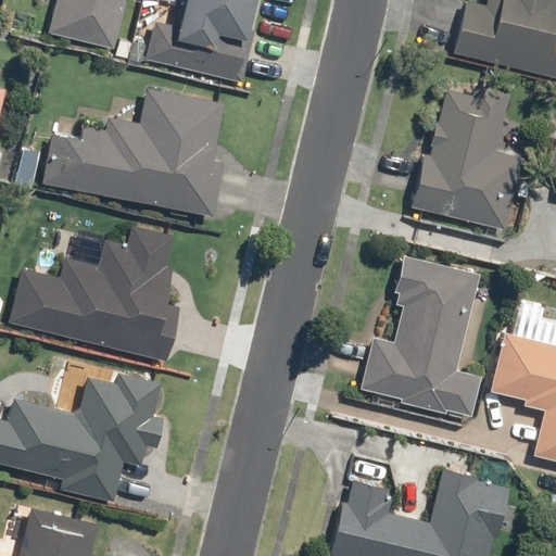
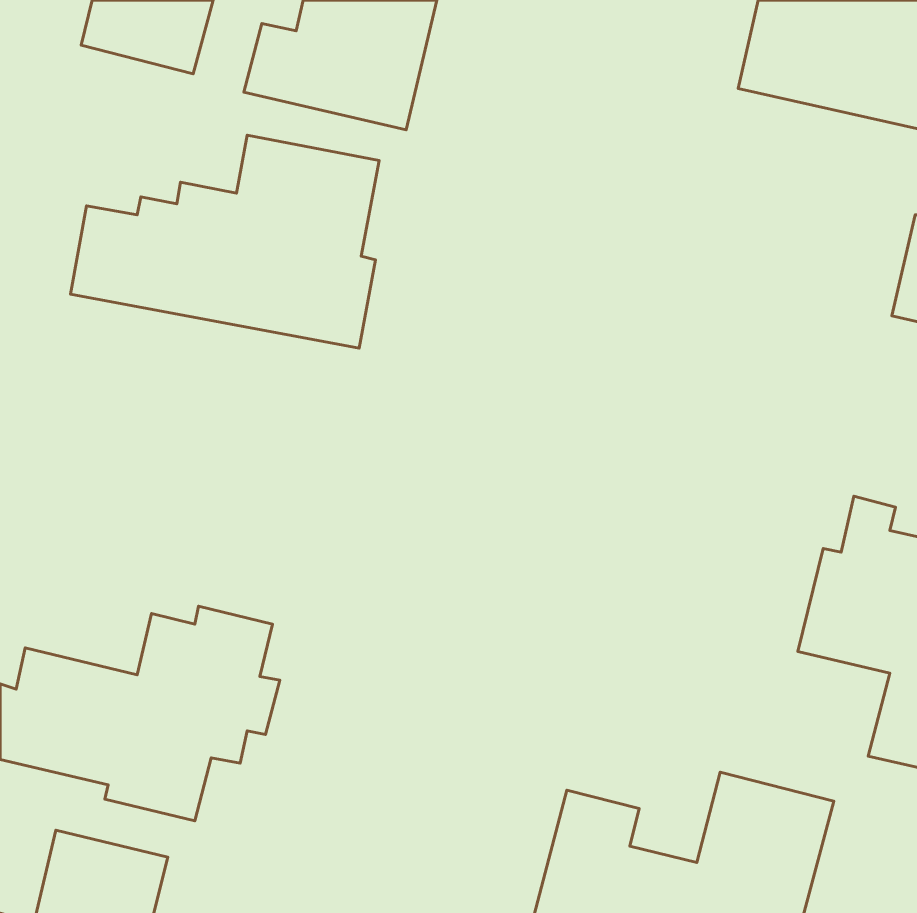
building: [407,88,519,236] -> none
building: [12,225,182,362] -> none
building: [354,258,477,421] -> none

